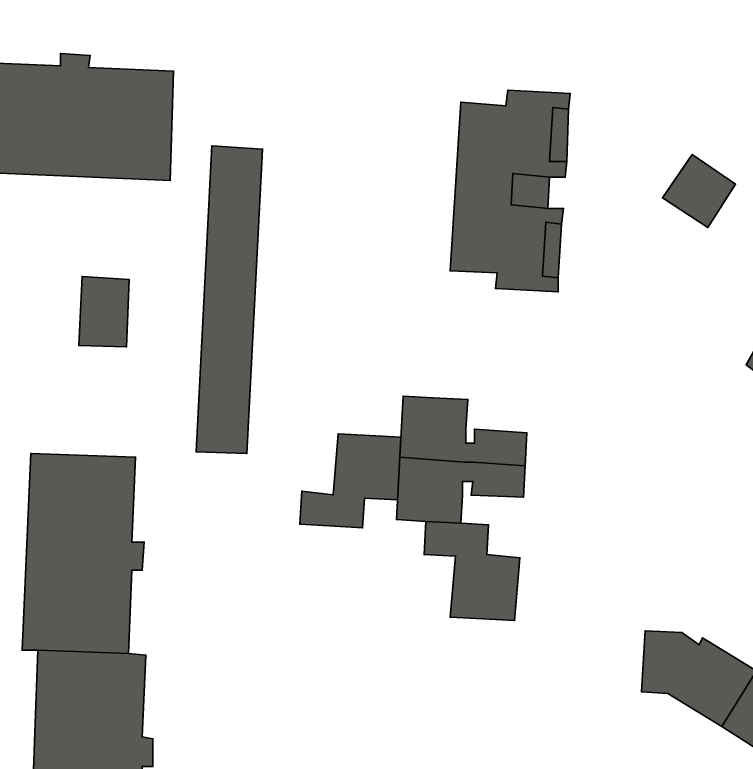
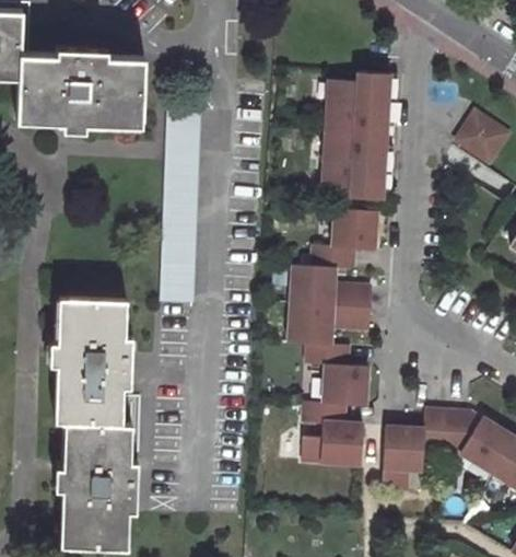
building: [79,276,129,347] -> none
building: [300,434,401,528] -> [312,209,375,268]
building: none -> [301,403,362,464]
building: none -> [382,410,445,489]

